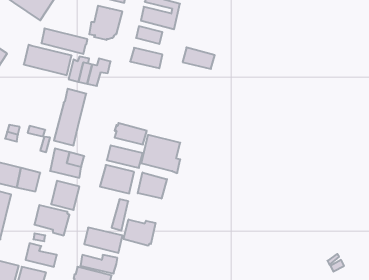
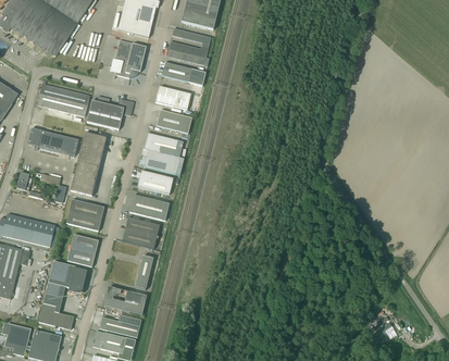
building: [41,28,87,54] -> [28,127,79,155]
building: [183,47,215,69] -> [157,109,192,133]
building: [141,135,180,173] -> [140,133,184,175]
building: [138,172,167,199] -> none
building: [124,219,156,246] -> none

